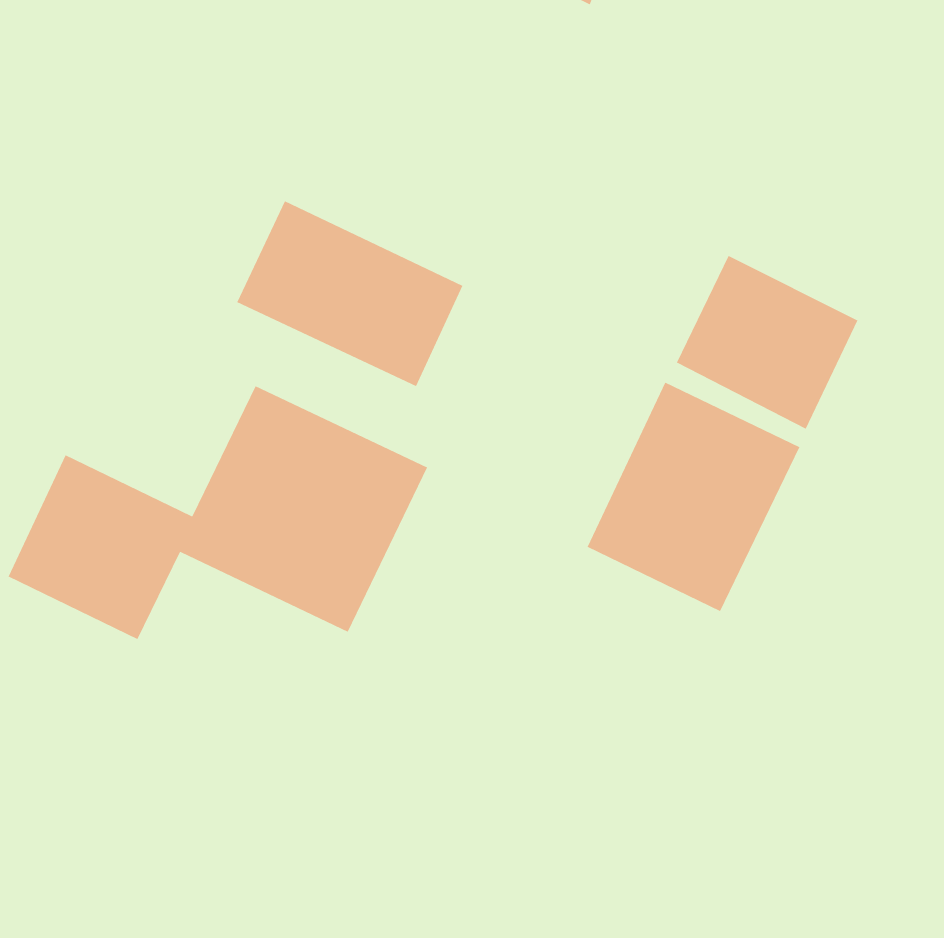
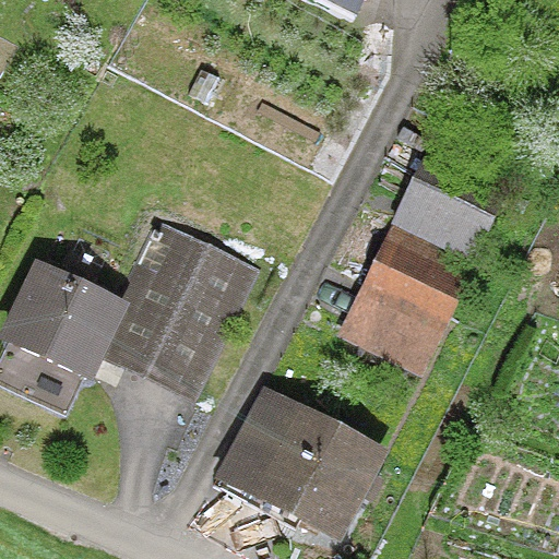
building: [236,200,464,387] -> none
building: none -> [213,392,378,533]

